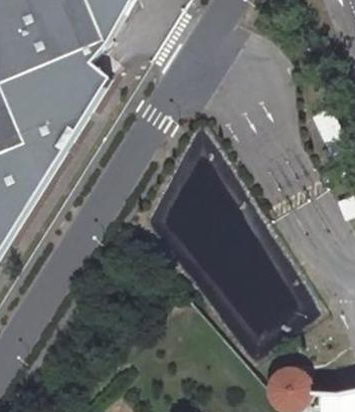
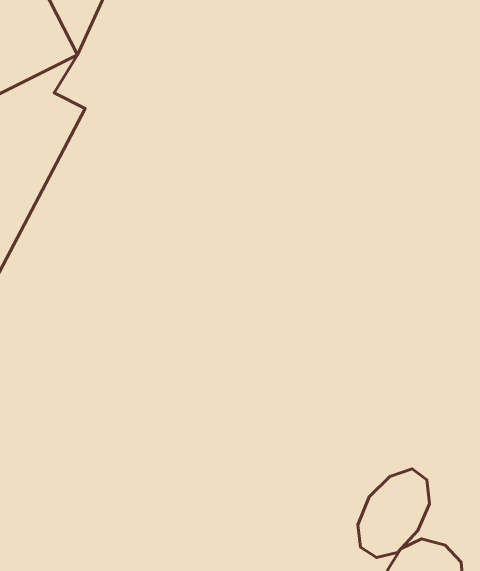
building: none -> [358,469,430,558]

